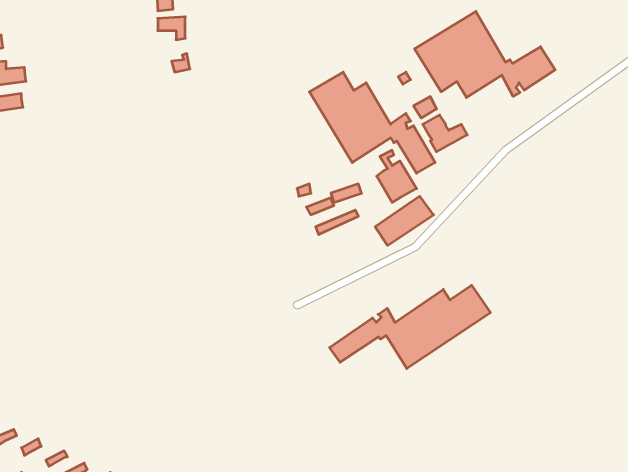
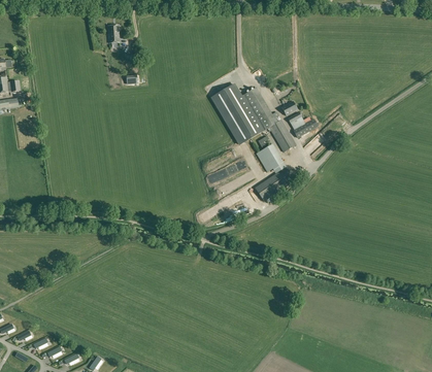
building: [415,11,555,98] -> none
building: [330,285,490,369] -> none

